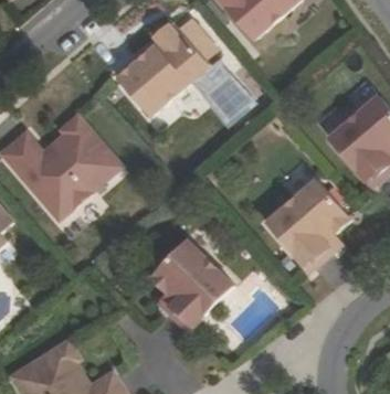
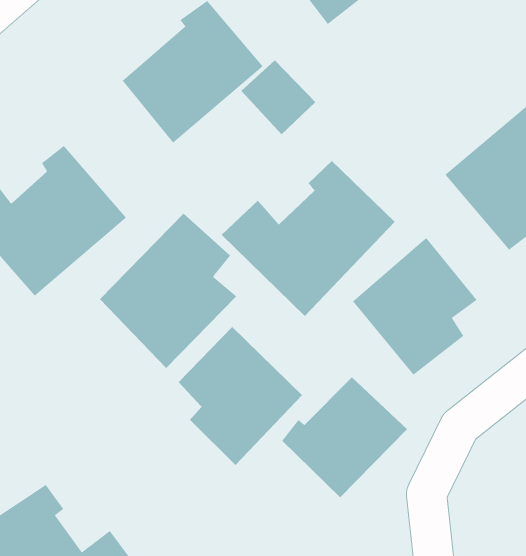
building: none -> [221,160,395,317]
building: none -> [99,213,237,369]
building: none -> [281,377,408,498]

